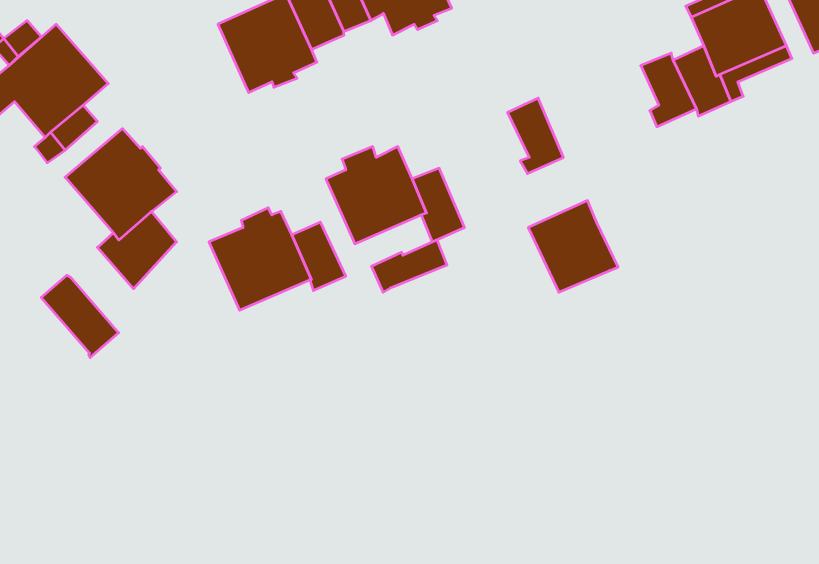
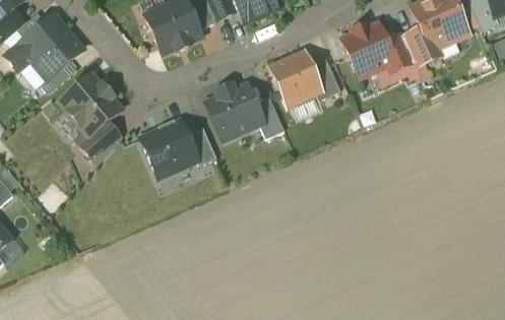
building: none -> [341,23,393,76]
building: [528,201,618,292] -> [269,52,320,104]
building: [372,240,447,292] -> none
building: [41,275,119,358] -> none

